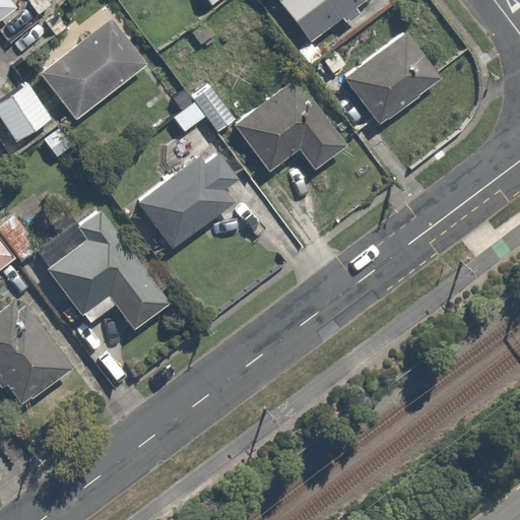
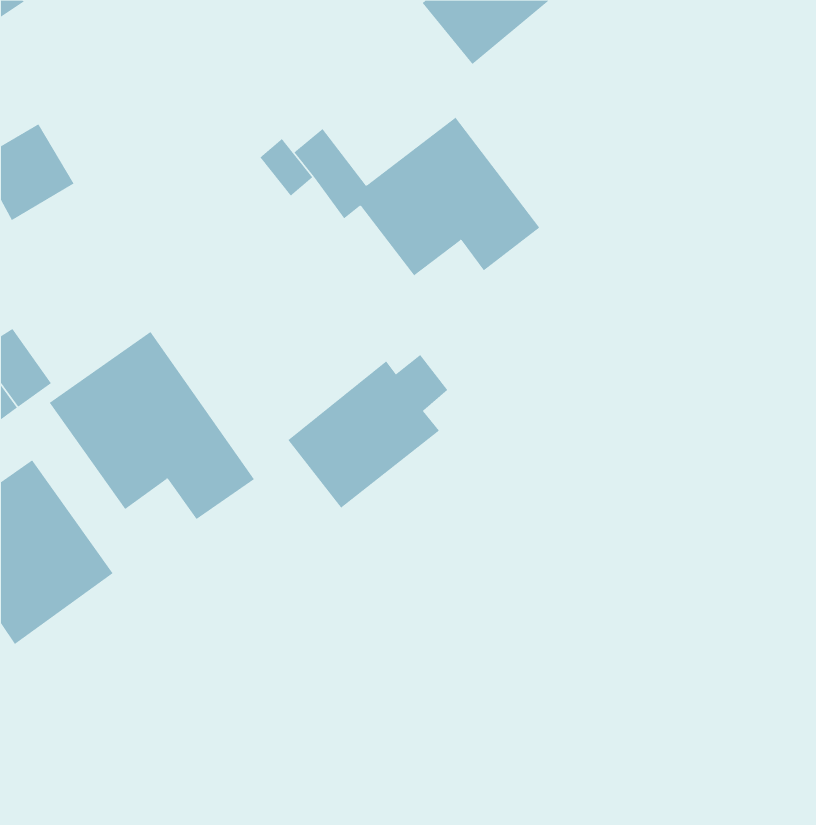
building: [40,20,146,122] -> none
building: [338,29,441,127] -> none
building: [136,153,237,250] -> [287,354,448,508]

